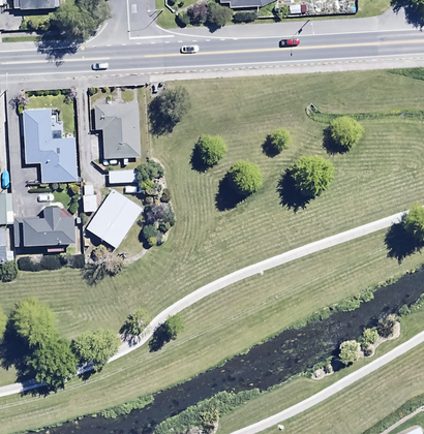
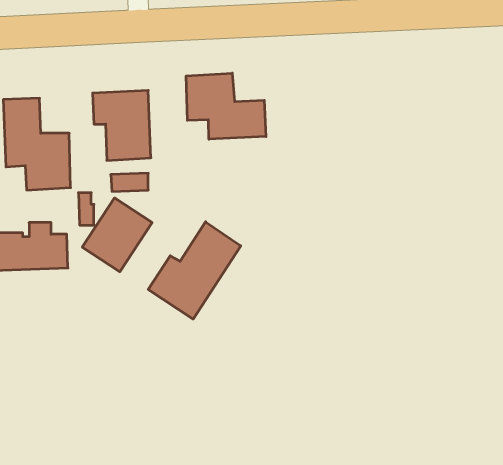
building: none -> [186,73,266,139]
building: none -> [148,222,241,319]

